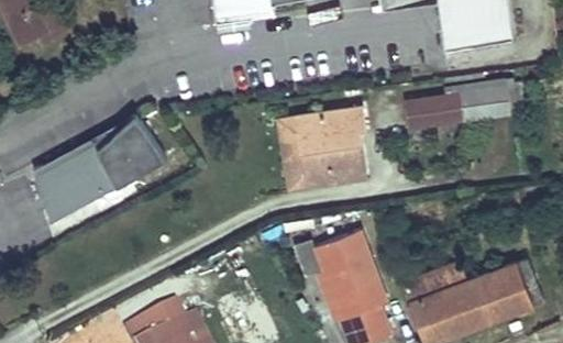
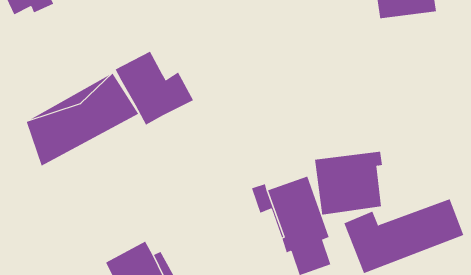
building: none -> [115,51,194,126]
building: [409,87,508,124] -> none
building: [283,108,363,182] -> [314,151,383,215]

